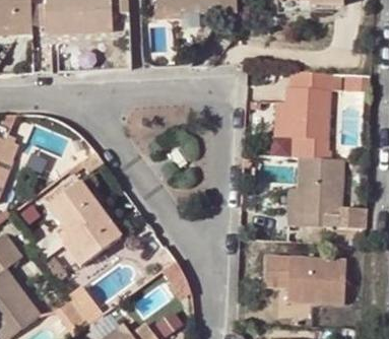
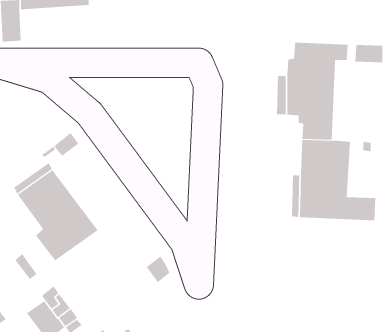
building: [265,255,345,300] -> none

